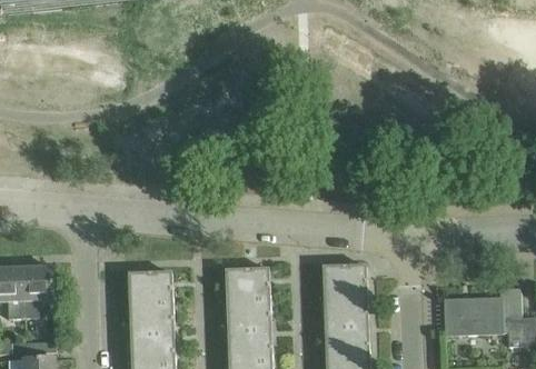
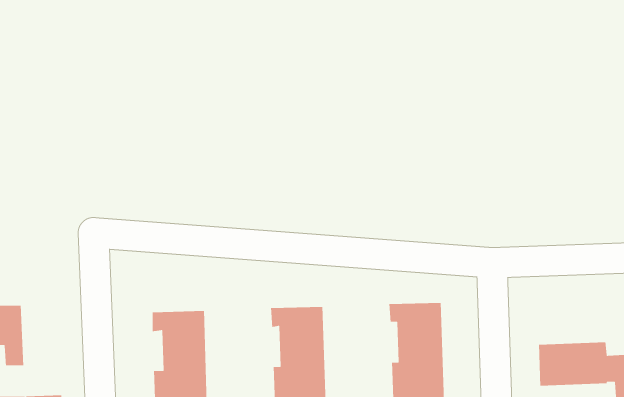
building: [21,265,53,316] -> none

